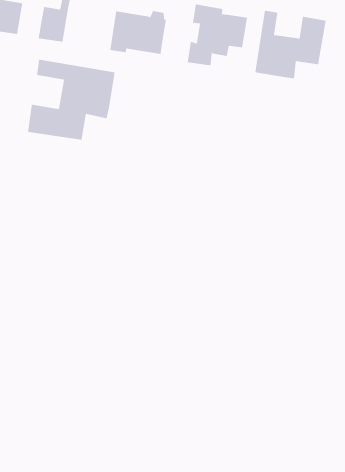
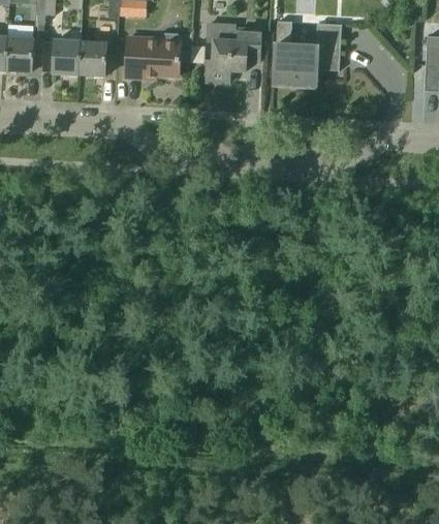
building: none -> [77,41,105,75]
building: [28,59,115,141] -> none

